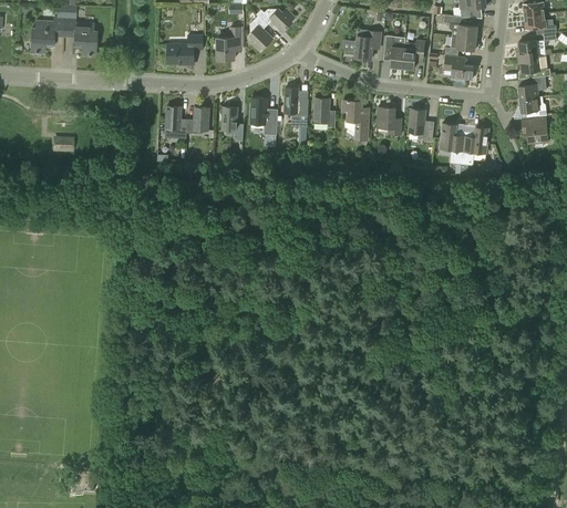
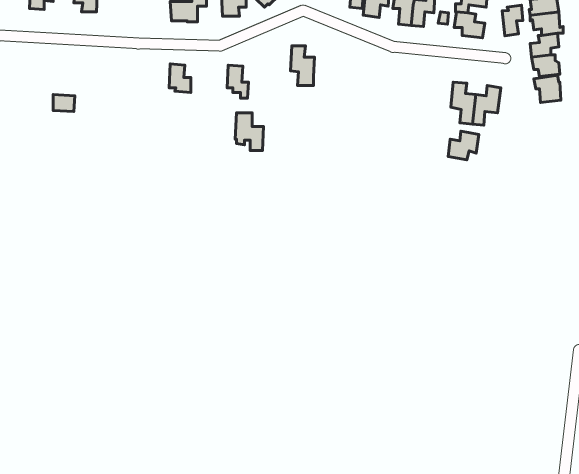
building: none -> [502,5,523,36]
building: [249,97,277,134] -> [235,113,264,150]
building: [313,97,334,126] -> none
building: [341,100,368,141] -> none
building: [375,106,401,134] -> none
building: [186,107,208,133] -> none
building: [408,108,433,139] -> none
building: none -> [448,131,479,160]

